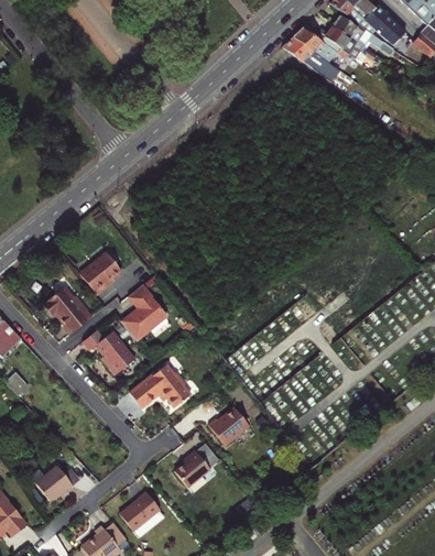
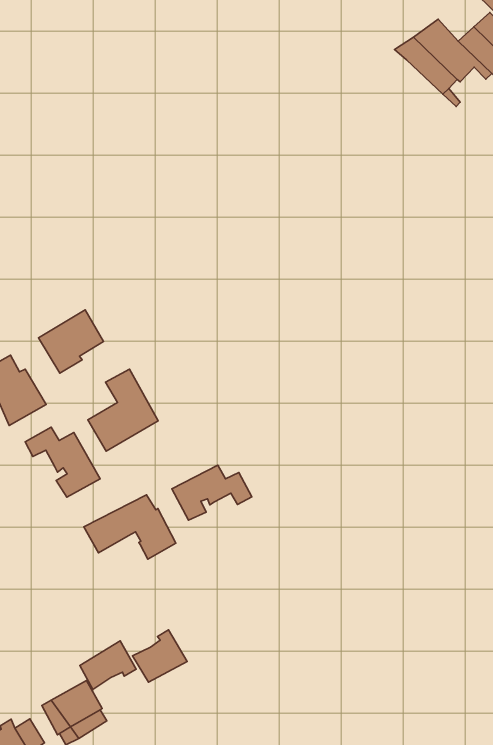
building: none -> [172,465,252,520]
building: [209,405,250,445] -> none
building: none -> [80,641,136,690]

